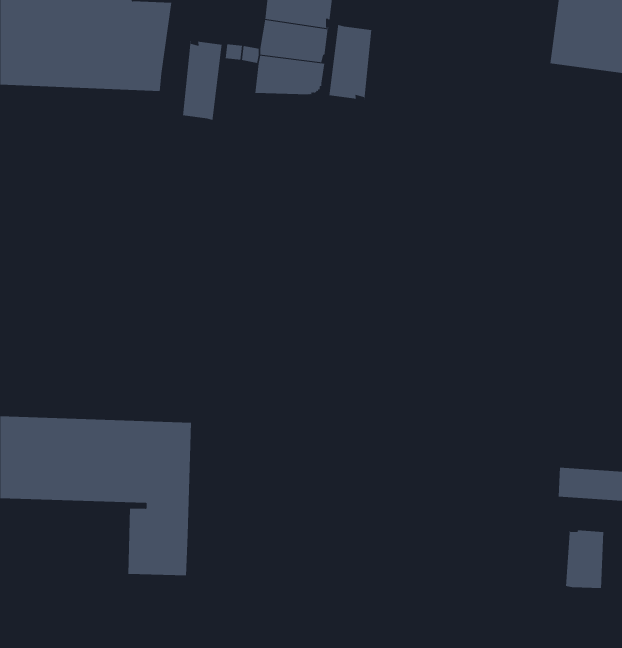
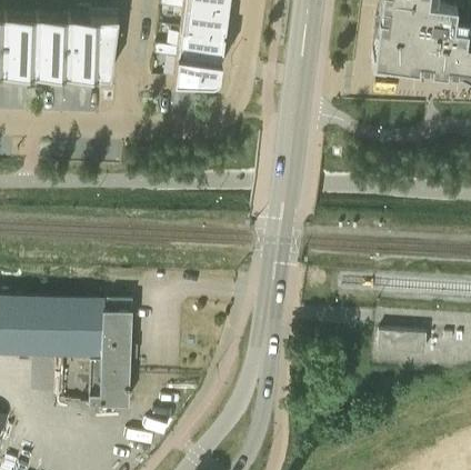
building: [329,24,372,101] -> none
building: [182,39,222,121] -> none
building: [565,528,604,589] -> none

